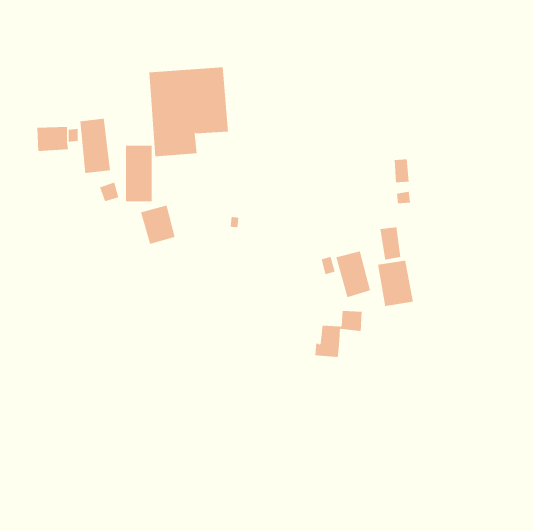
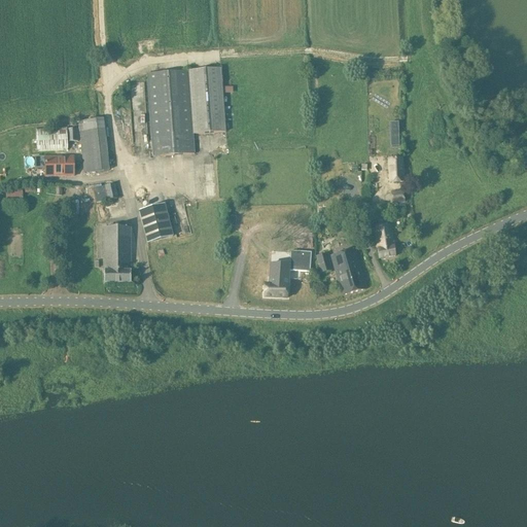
building: [125,145,153,202] -> [104,225,131,281]
building: none -> [44,154,74,174]
building: [378,260,414,307] -> none
building: [315,310,363,358] -> [264,249,311,295]

